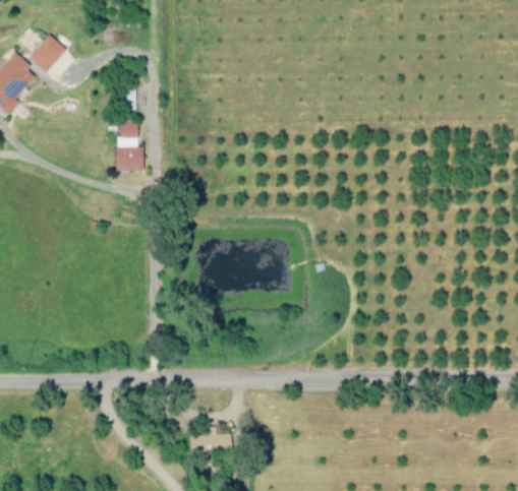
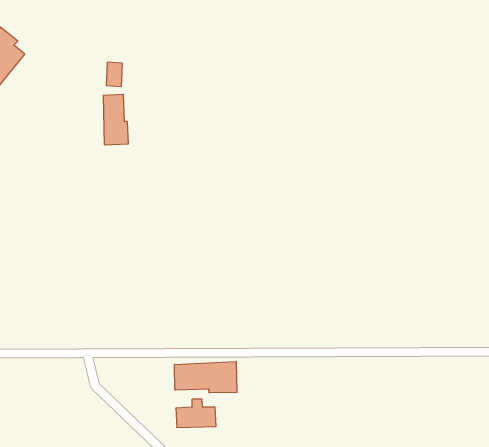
building: [28,35,65,71] -> none
building: none -> [174,361,237,393]

